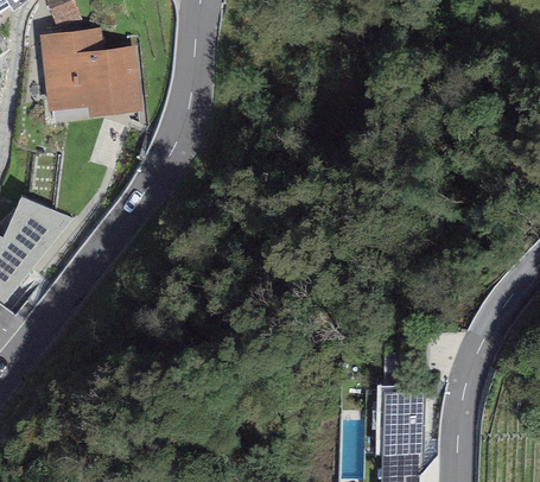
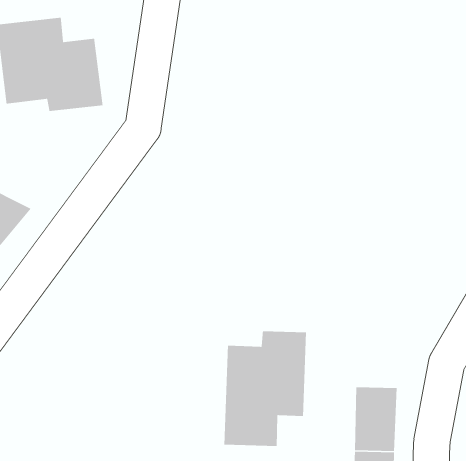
building: none -> [224,331,307,447]

